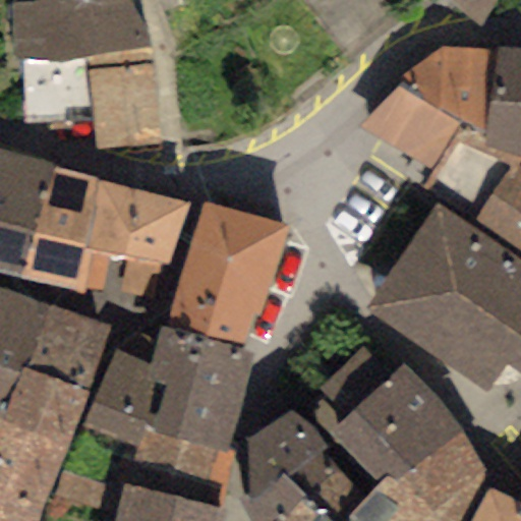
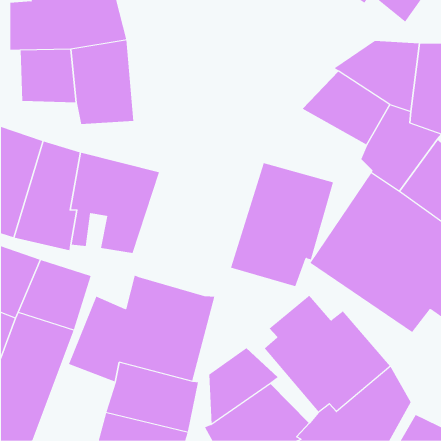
building: [165,201,287,348] -> [230,162,334,287]

